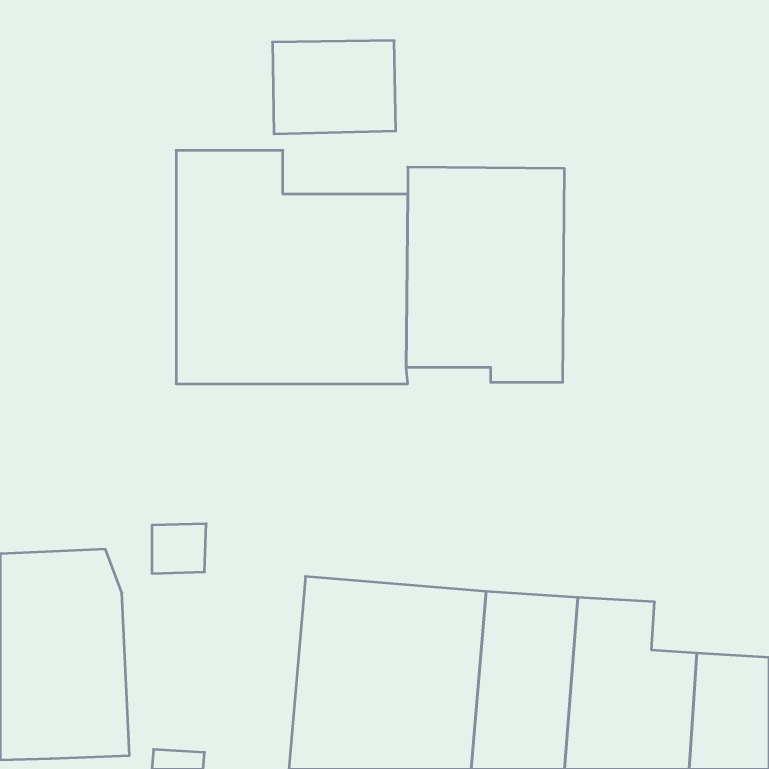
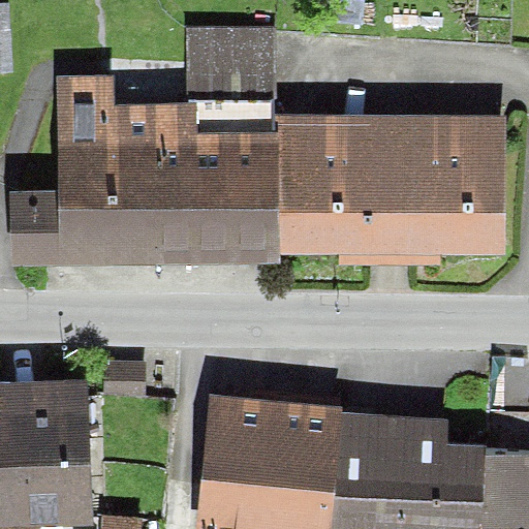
building: none -> [14,81,121,263]
building: none -> [386,115,506,264]

